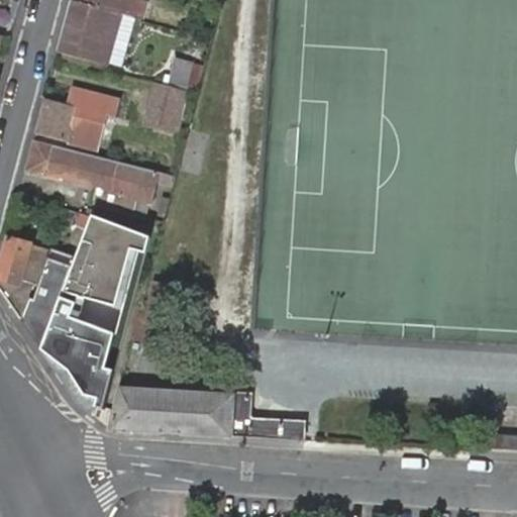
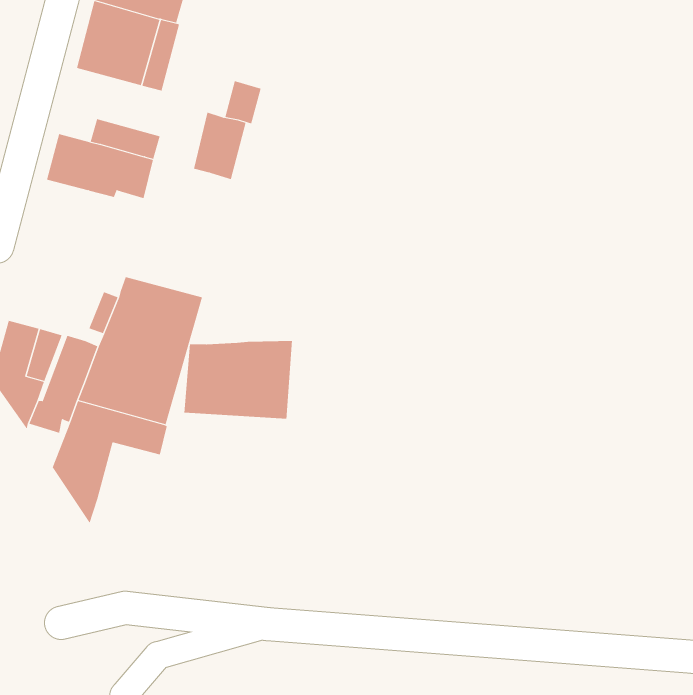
building: [23,140,160,205] -> none
building: none -> [184,340,293,420]
building: [67,328,119,410] -> none
building: [108,388,302,440] -> none

